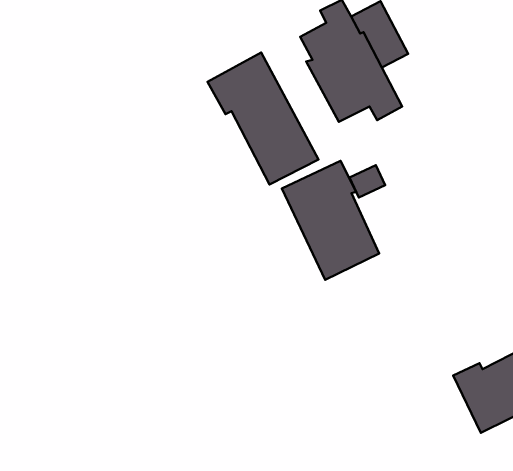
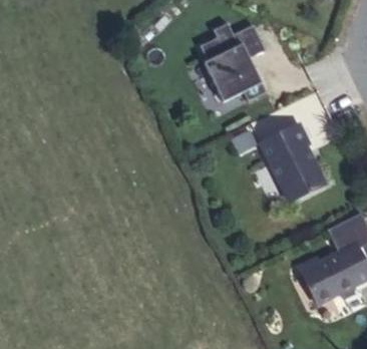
building: [208,53,319,184] -> none
building: [282,161,379,280] -> [261,123,324,201]

